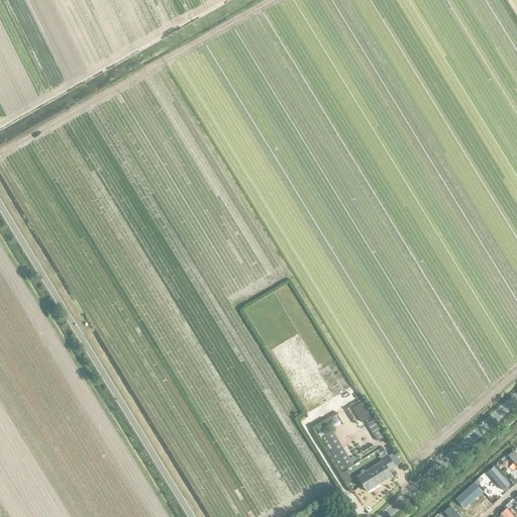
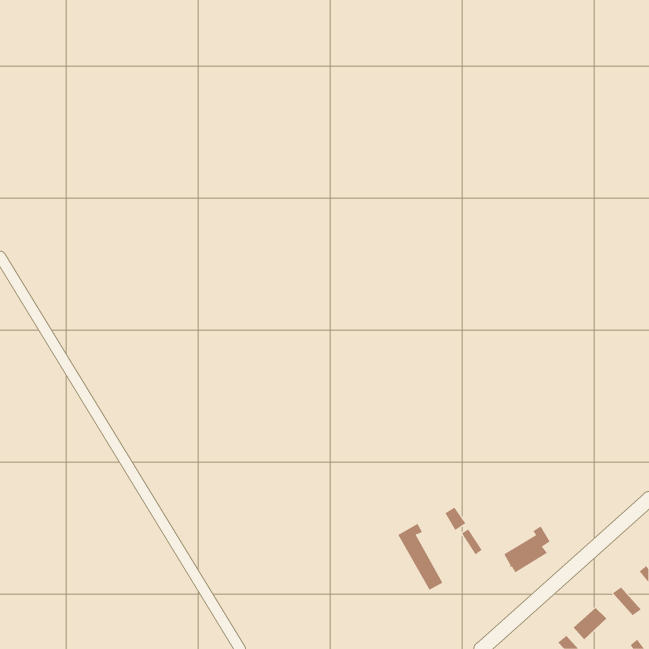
building: [357,454,395,492] -> [503,526,550,573]

